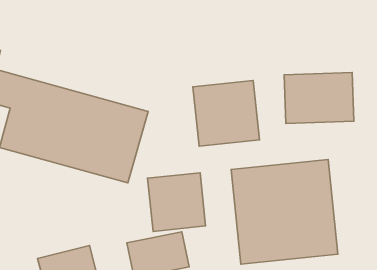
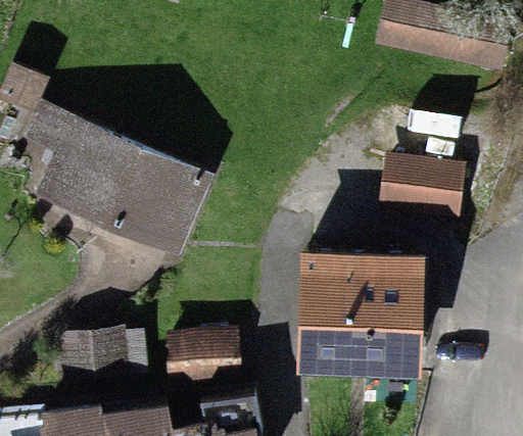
building: [193,81,260,146] -> none
building: [148,173,206,232] -> none

